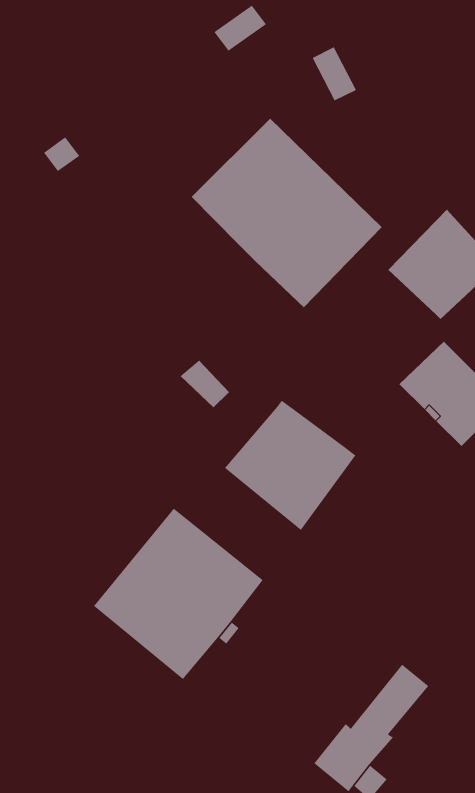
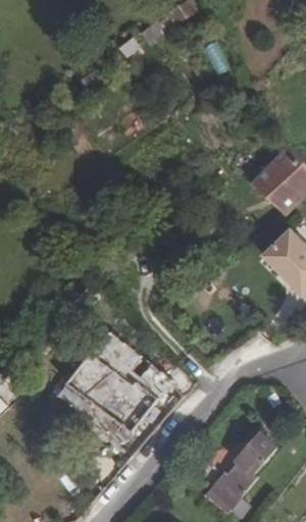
building: [191,118,383,308] -> none
building: [224,400,356,531] -> none

